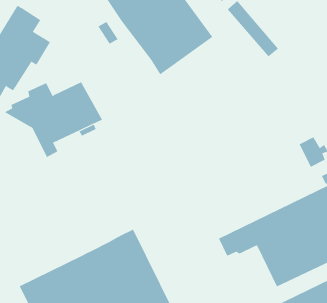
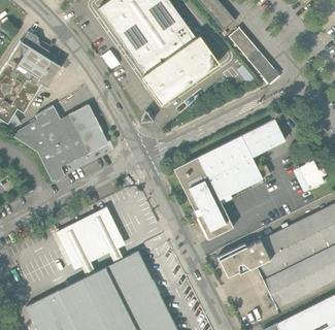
building: none -> [173,120,286,240]
building: none -> [56,206,126,276]

